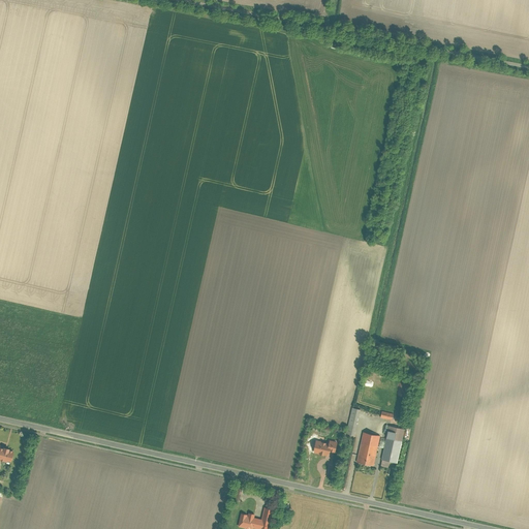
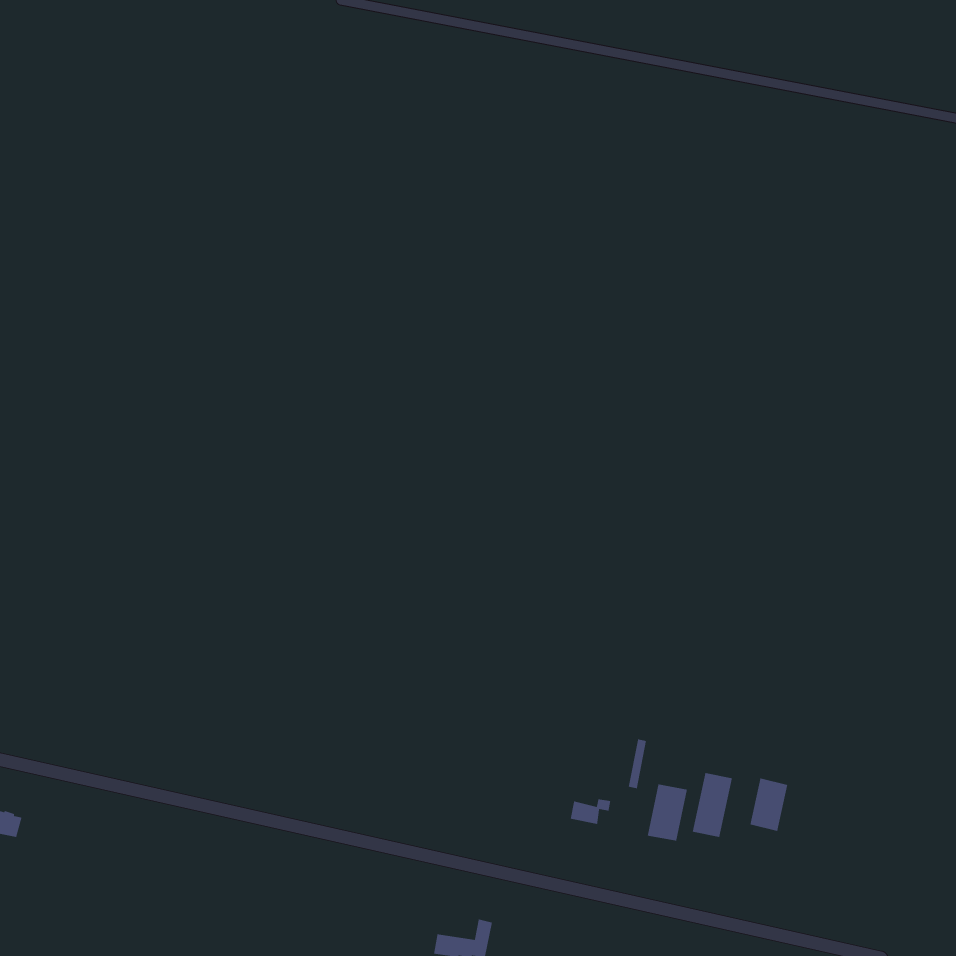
building: none -> [749,777,788,832]

